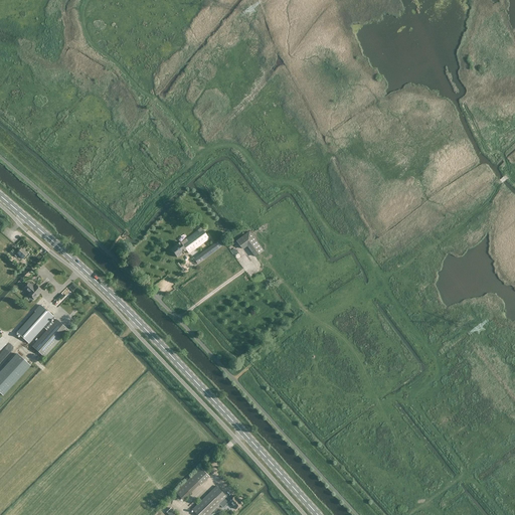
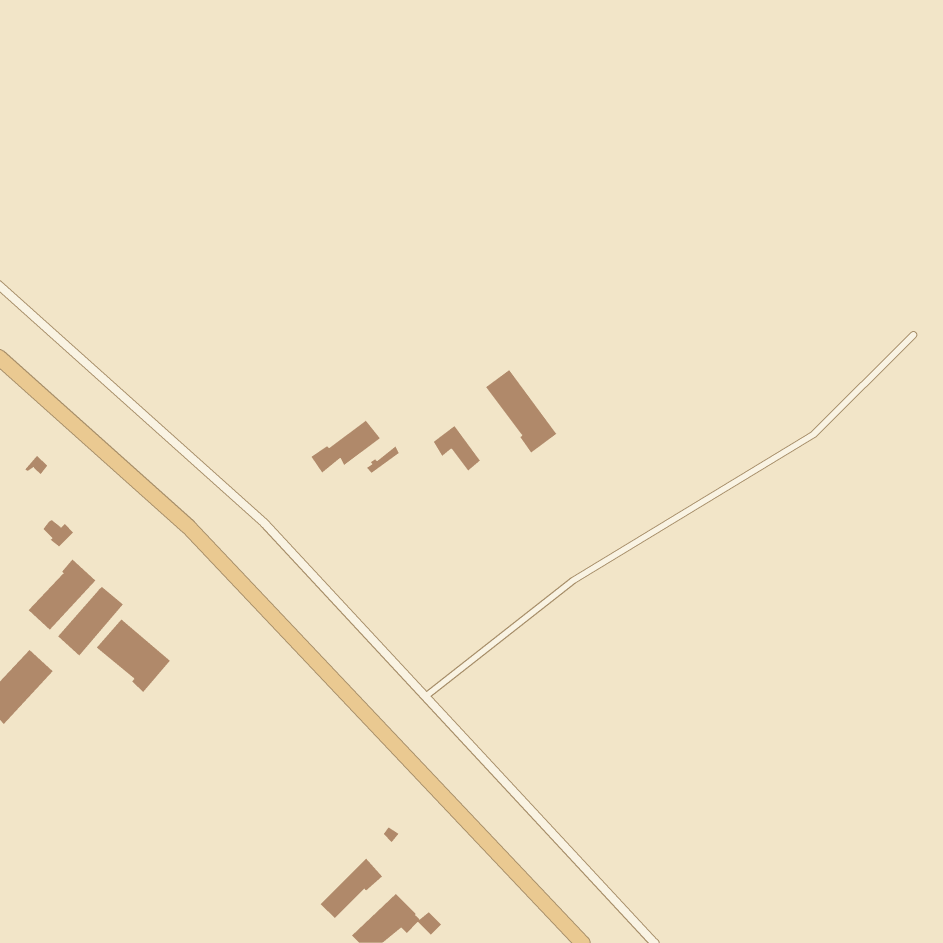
building: none -> [485,369,557,453]
building: none -> [96,618,171,693]

